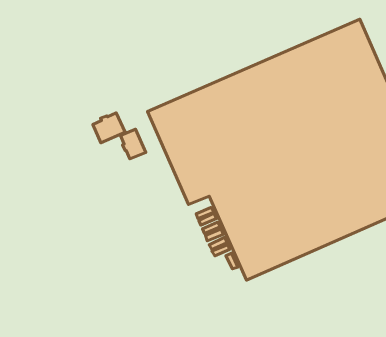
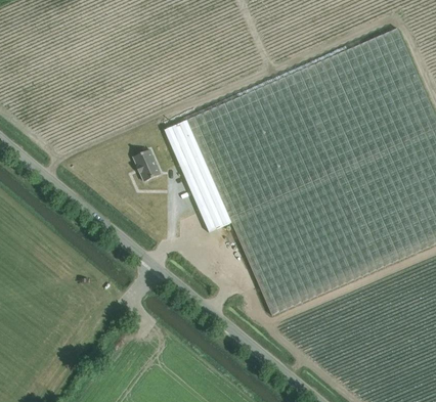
building: [93,113,125,143] -> none

